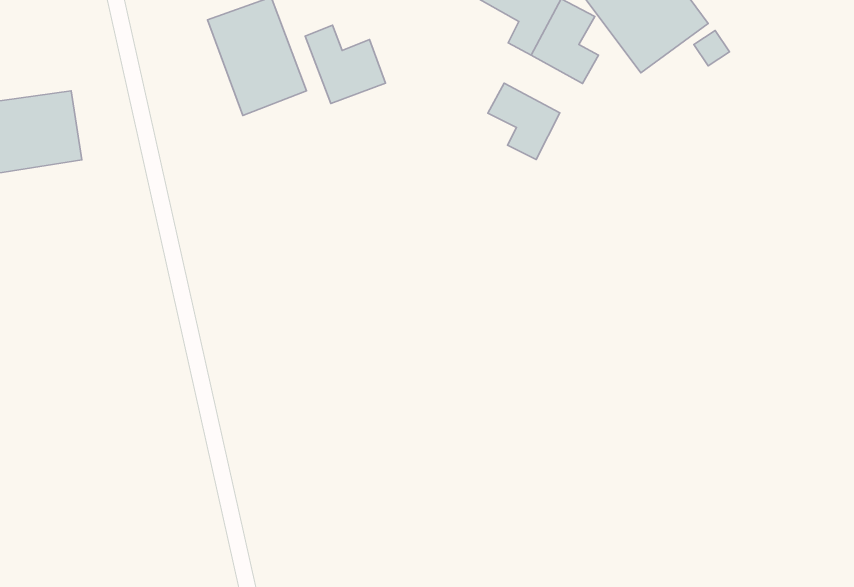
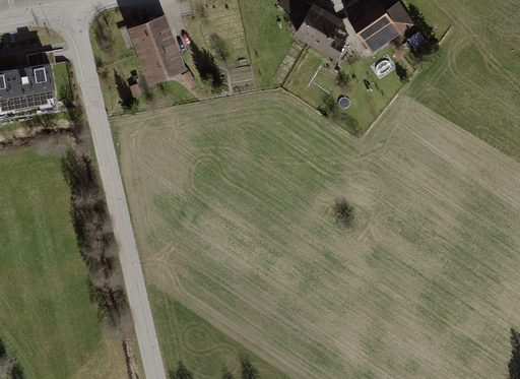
building: [305,25,385,103] -> none
building: [488,83,560,160] -> none

